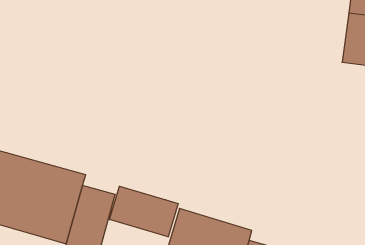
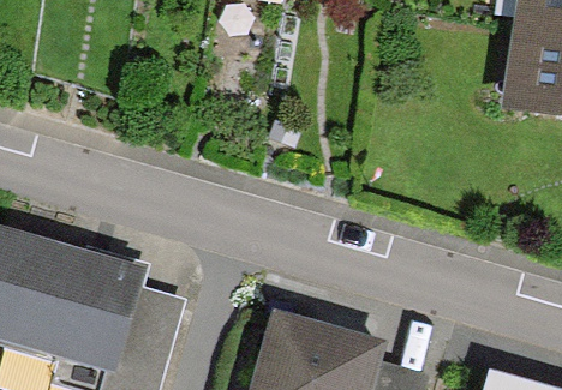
building: [109,186,178,237] -> none

